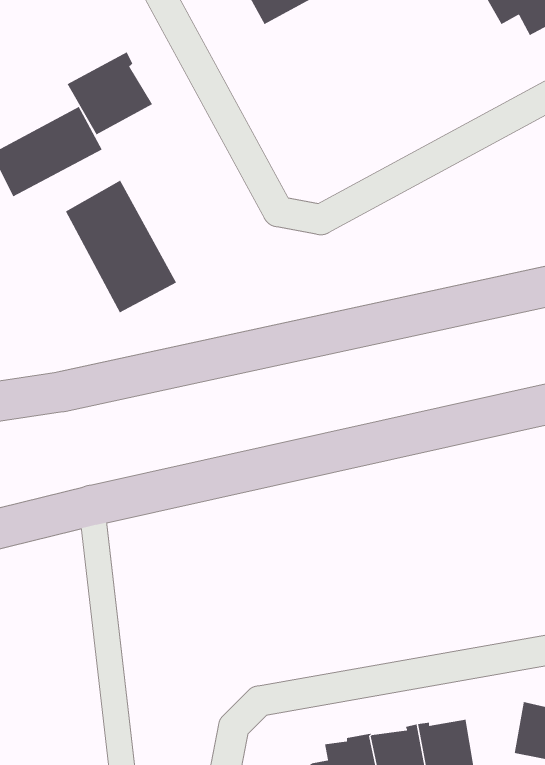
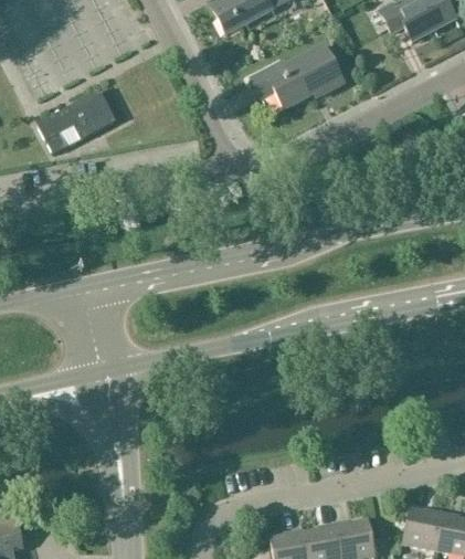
building: none -> [251,45,344,108]
building: [66,51,153,136] -> none
building: [65,180,177,313] -> none

